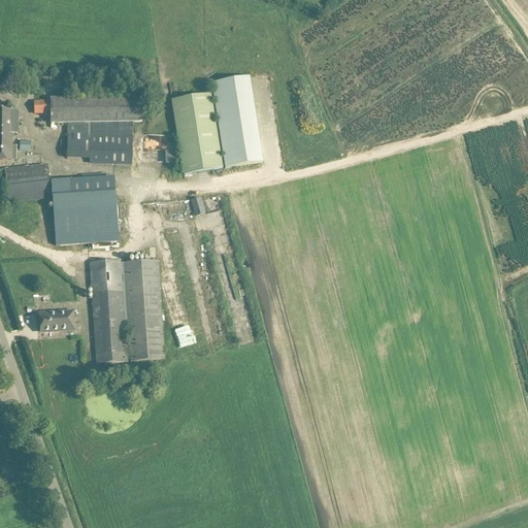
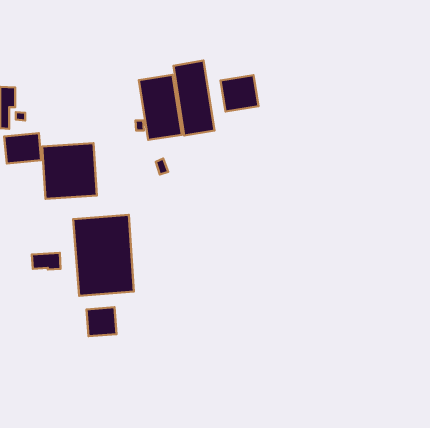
building: none -> [221,75,259,111]
building: [33,94,141,163] -> none
building: none -> [86,307,116,336]

